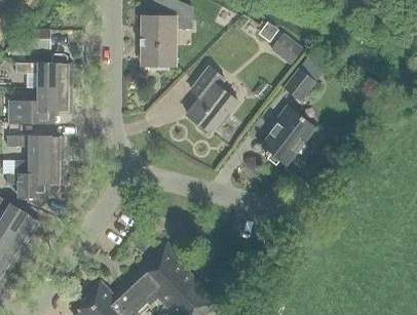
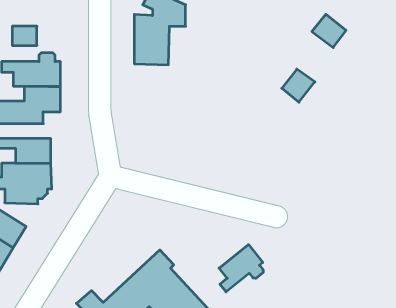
building: [269,32,302,64] -> [312,14,346,48]
building: [187,67,239,133] -> none
building: [260,105,315,165] -> none
building: none -> [219,245,263,292]

